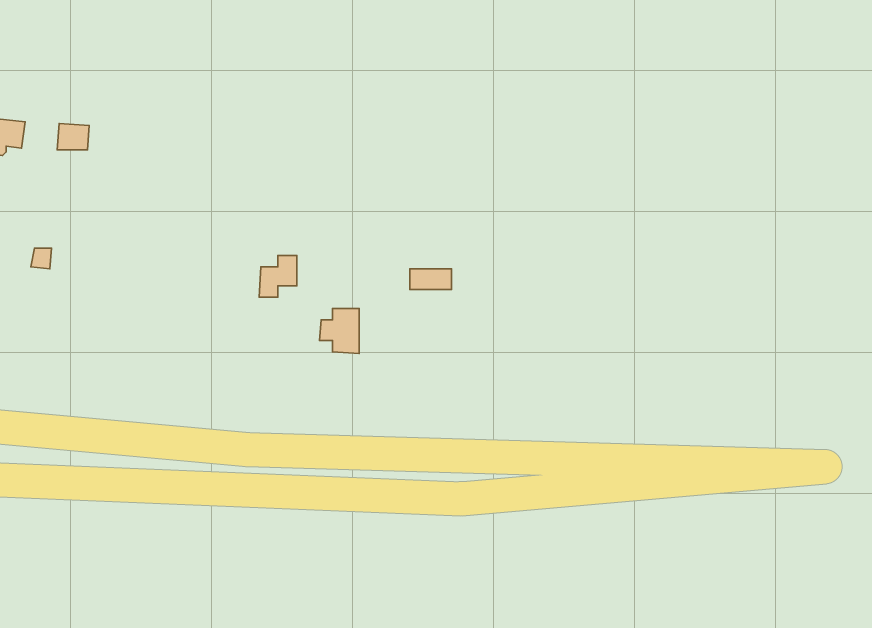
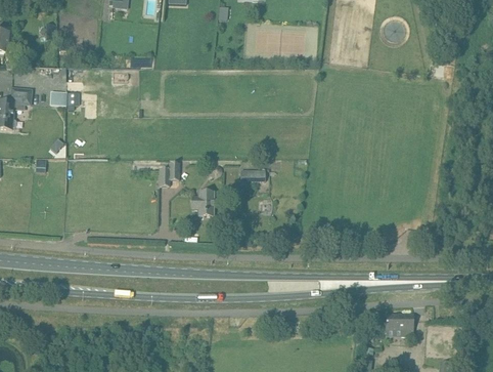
building: none -> [386,314,412,336]

